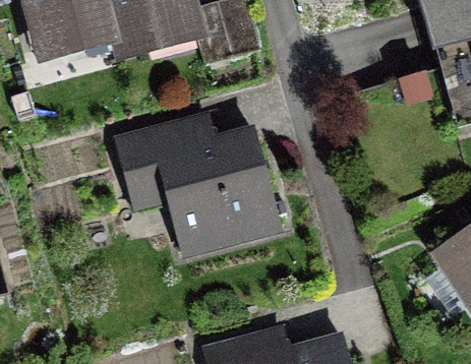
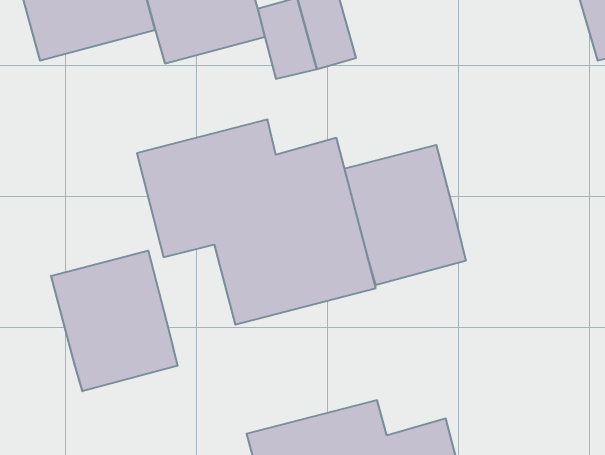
building: none -> [344,145,466,285]
building: none -> [51,251,178,391]

